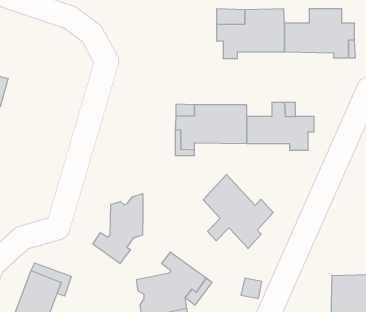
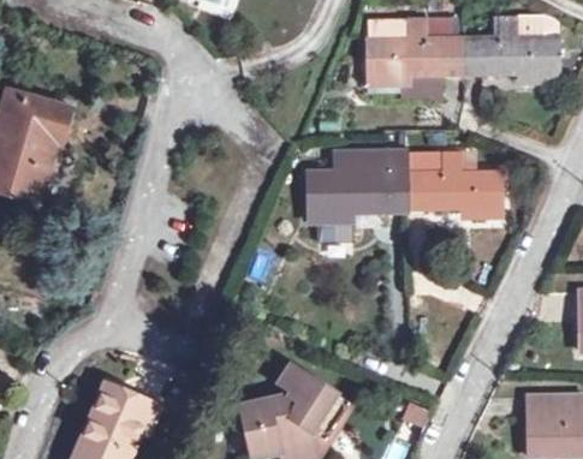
building: [203,174,273,249] -> none
building: [93,194,143,264] -> none

